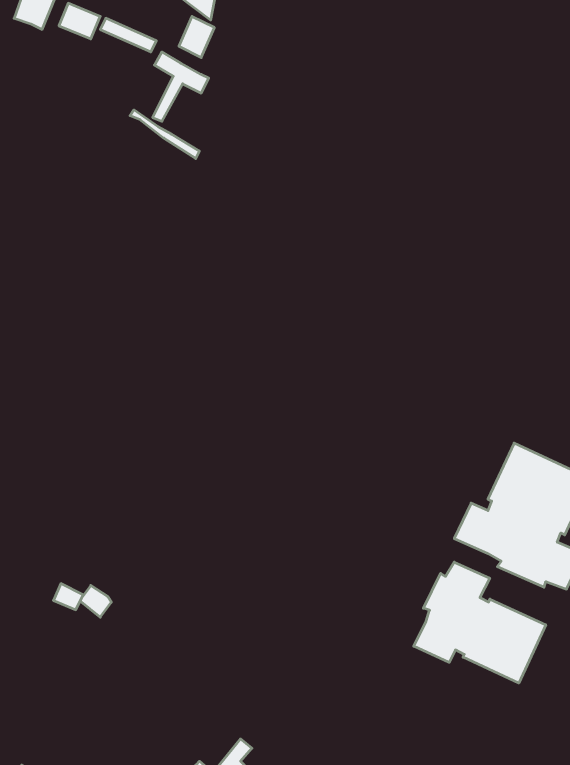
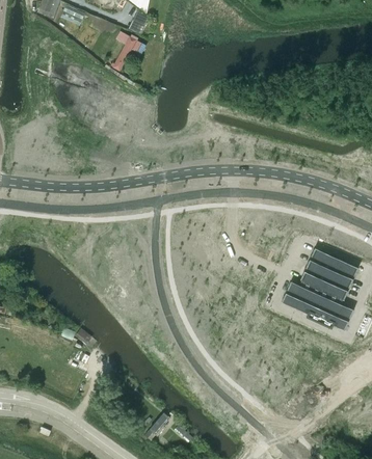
building: [414,562,546,683] -> none

